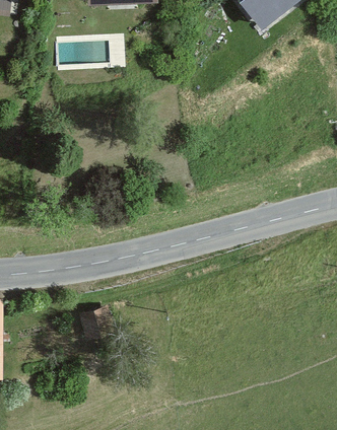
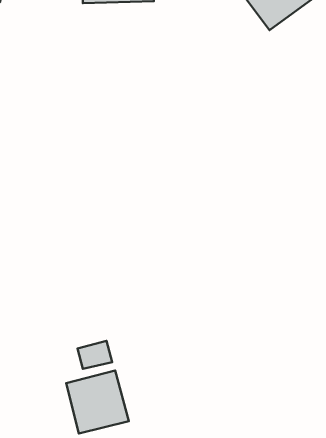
building: none -> [66,370,129,433]

